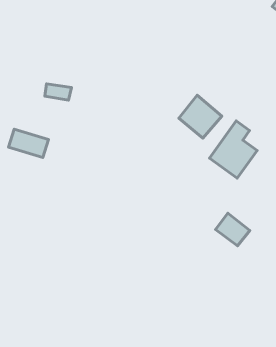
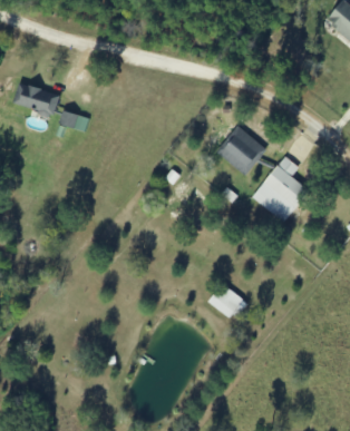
building: [9,129,49,158] -> [12,82,59,116]
building: [215,213,250,246] -> [207,282,247,320]

